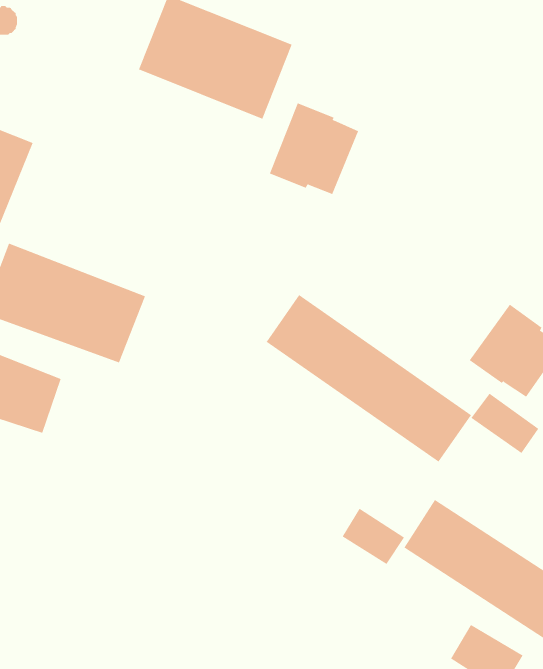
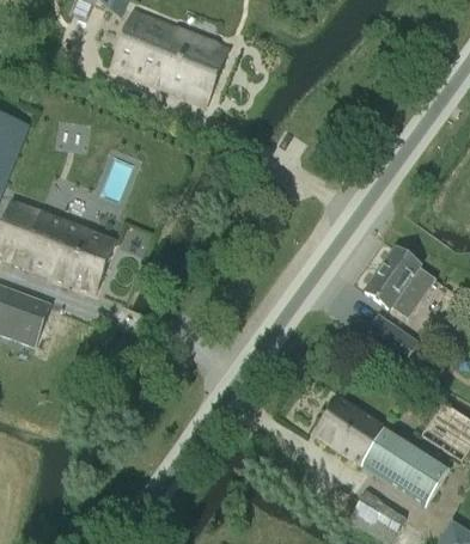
building: [269,103,359,195] -> none
building: [266,294,472,463] -> none
building: [342,508,405,565] -> none

